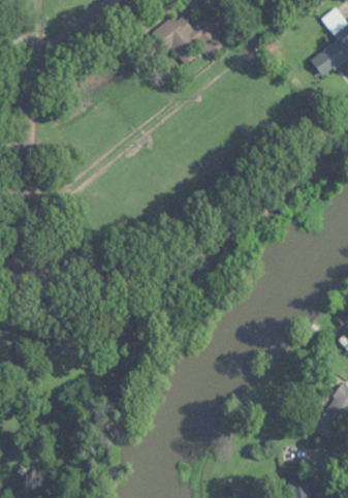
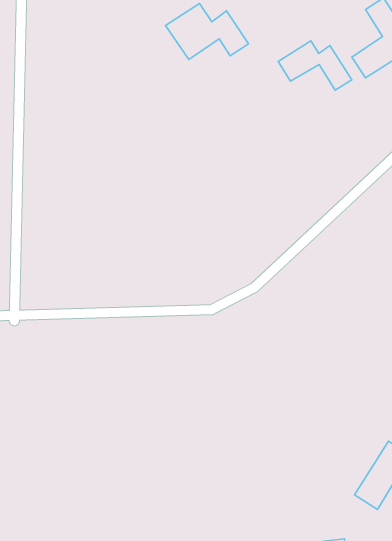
building: none -> [278,41,352,90]

